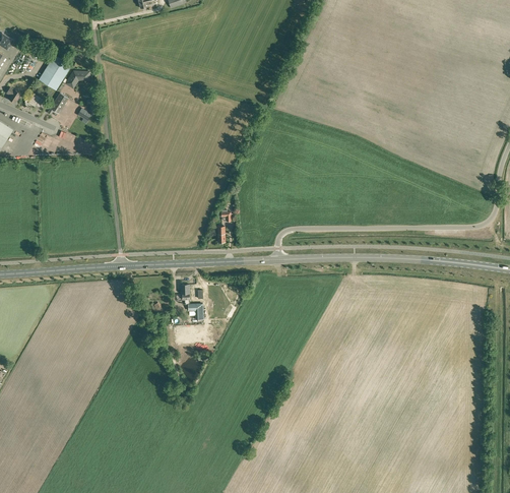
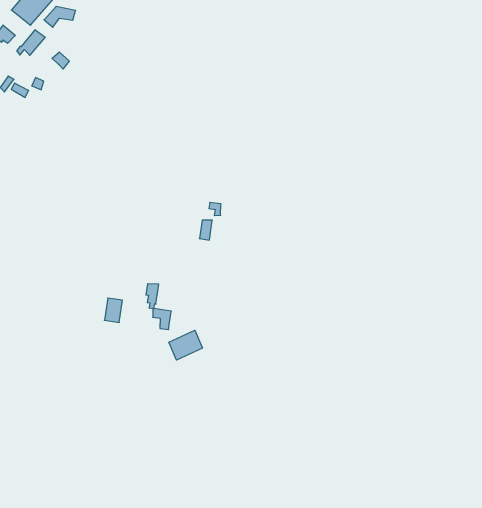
building: none -> [169,330,203,360]

